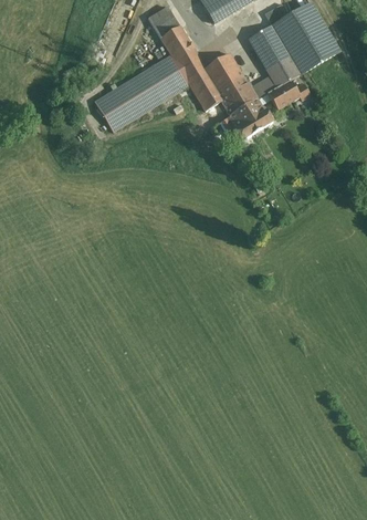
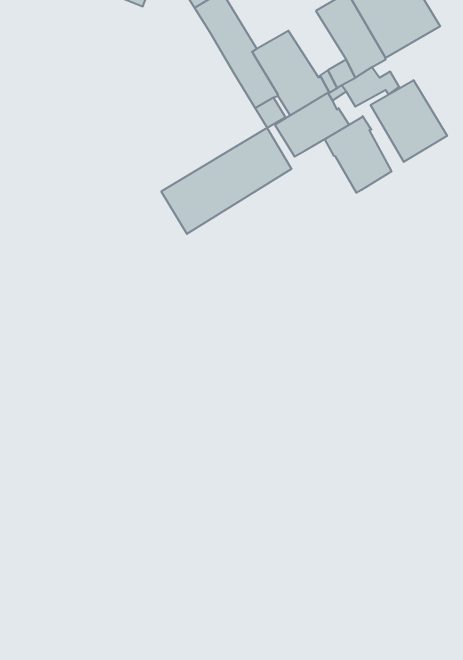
building: [94,54,189,132] -> [161,128,292,234]
building: none -> [371,80,447,162]
building: none -> [325,116,391,193]

